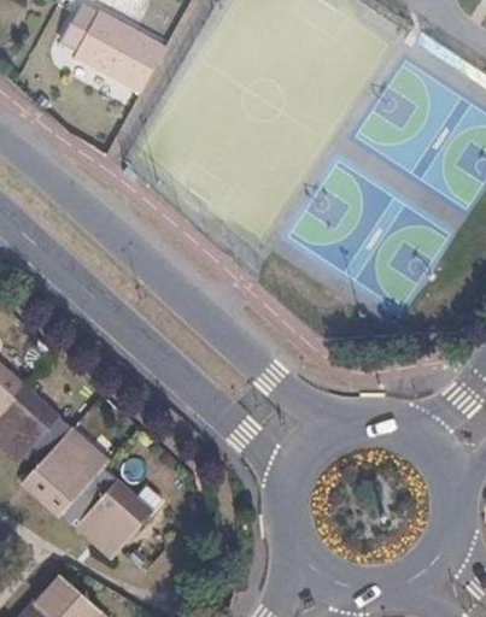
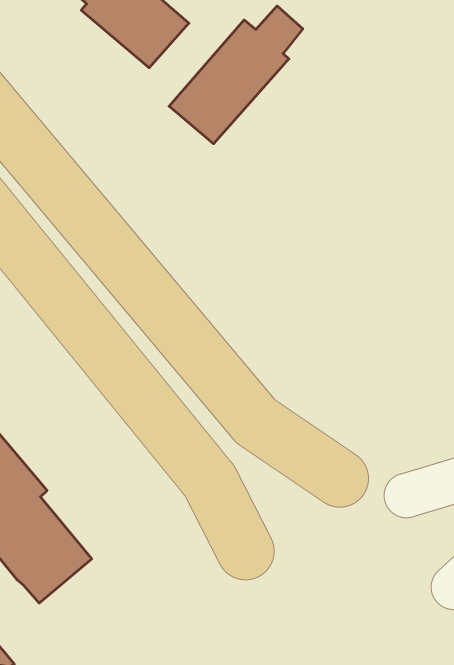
building: none -> [169,6,303,144]

